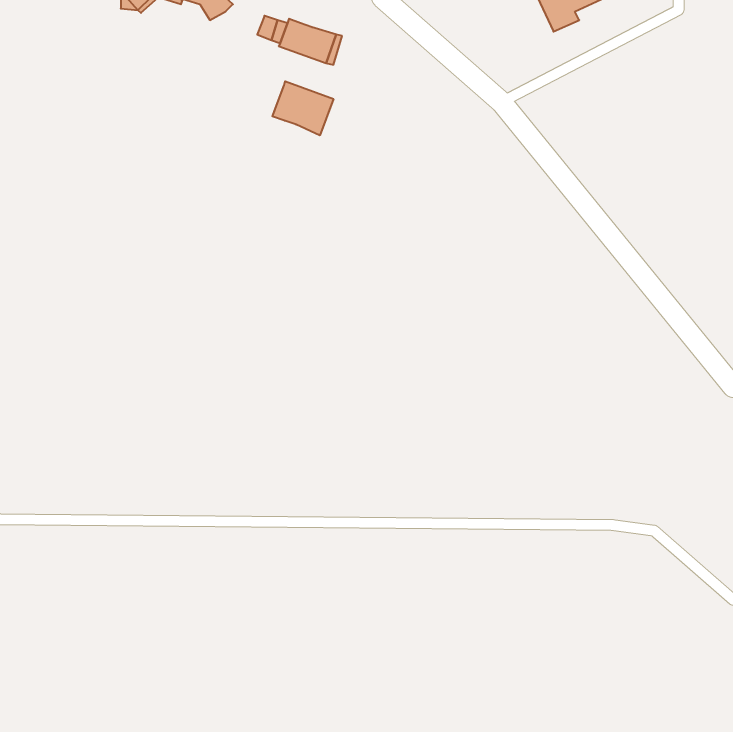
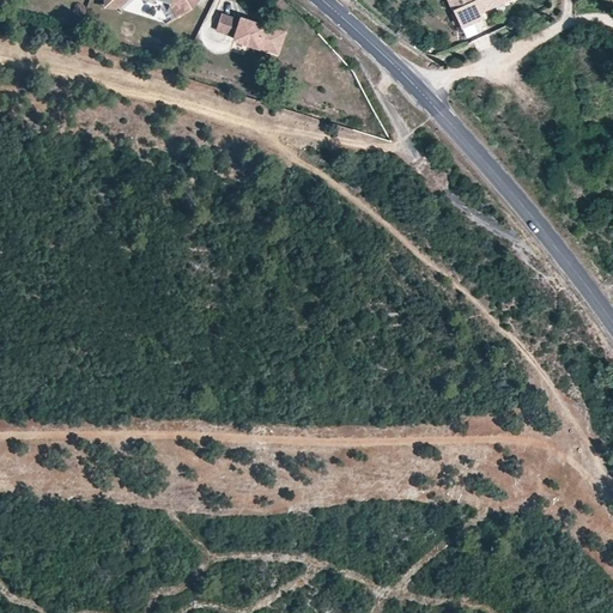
building: [272,81,333,135] -> none

